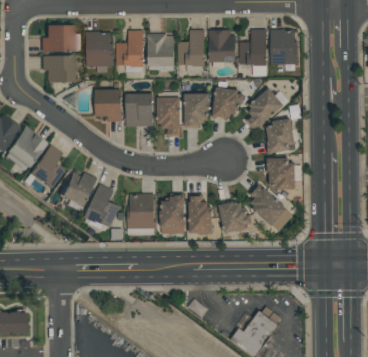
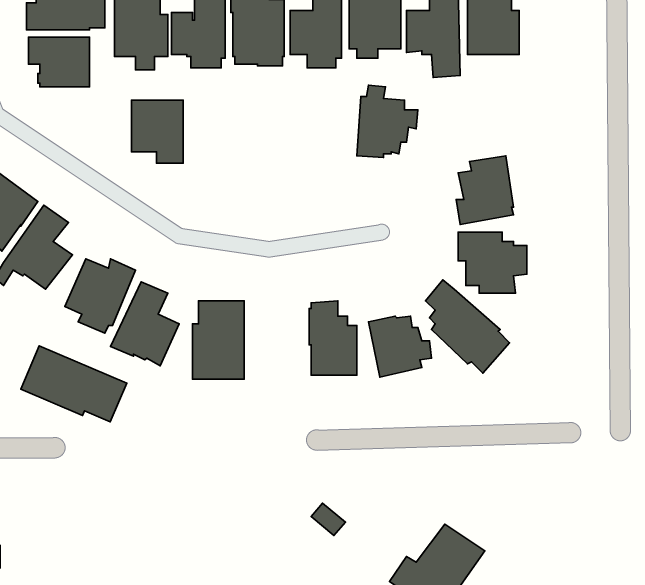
building: [245,88,284,131] -> none
building: [157,92,181,136] -> none
building: [185,93,210,128] -> none
building: [126,94,153,127] -> none
building: [160,193,185,234] -> none
building: none -> [21,346,127,422]

